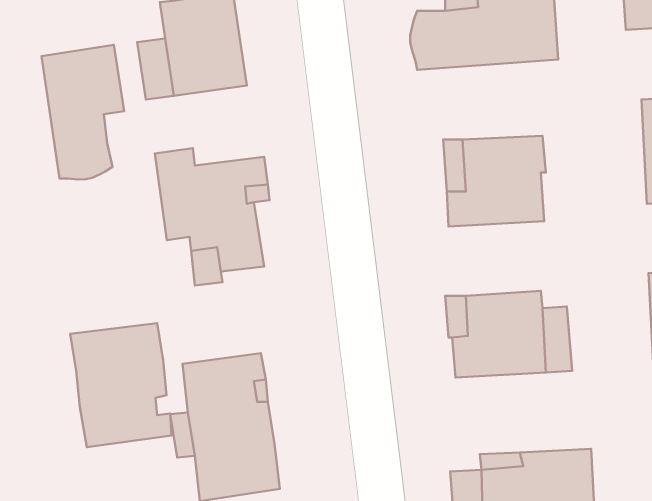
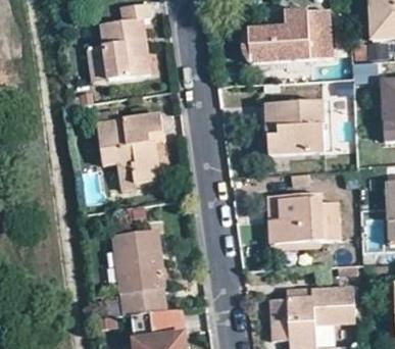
building: [41,45,124,179] -> none
building: [70,323,171,447] -> none

